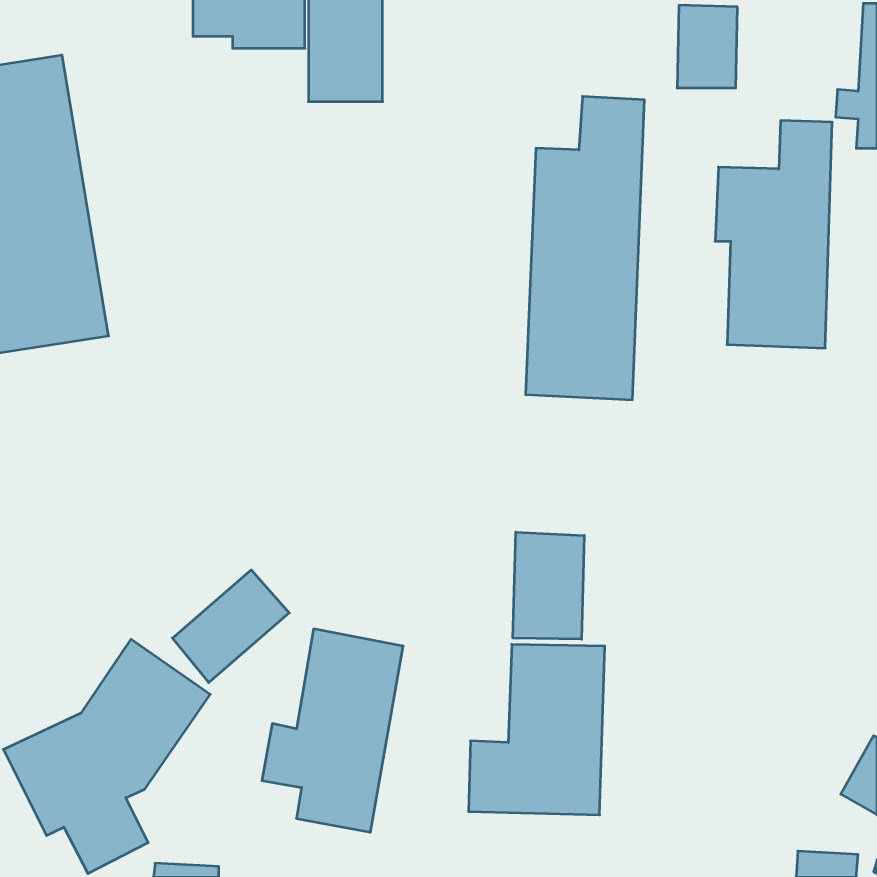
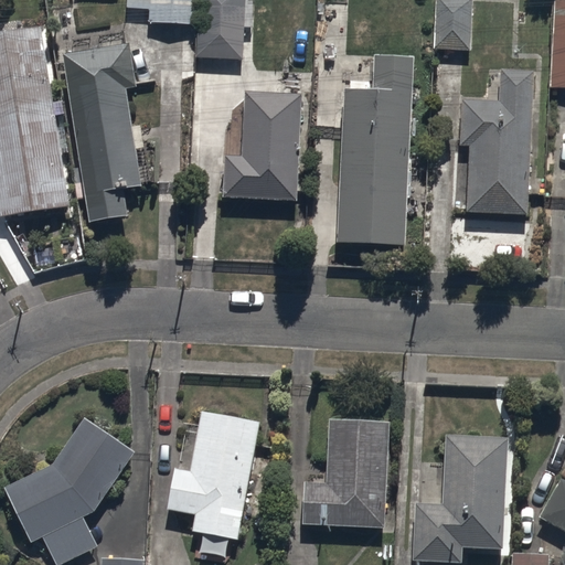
building: none -> [61,52,145,233]
building: none -> [223,99,302,209]
building: [513,532,584,639] -> none
building: [172,570,289,683] -> none
building: none -> [413,427,507,557]

